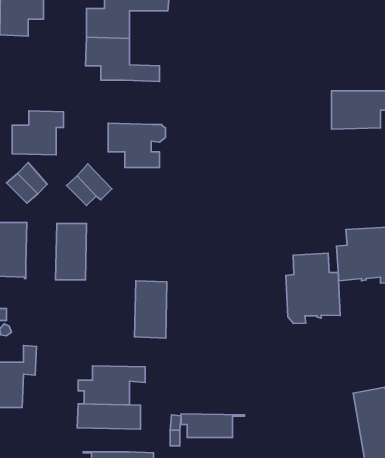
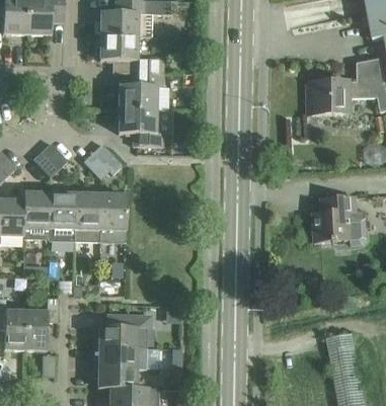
building: [12,111,63,155] -> [119,72,162,109]
building: none -> [49,192,75,241]
building: [286,253,340,323] -> none
building: [135,281,167,338] -> [99,193,127,242]
building: [181,414,245,438] -> [92,367,146,387]

